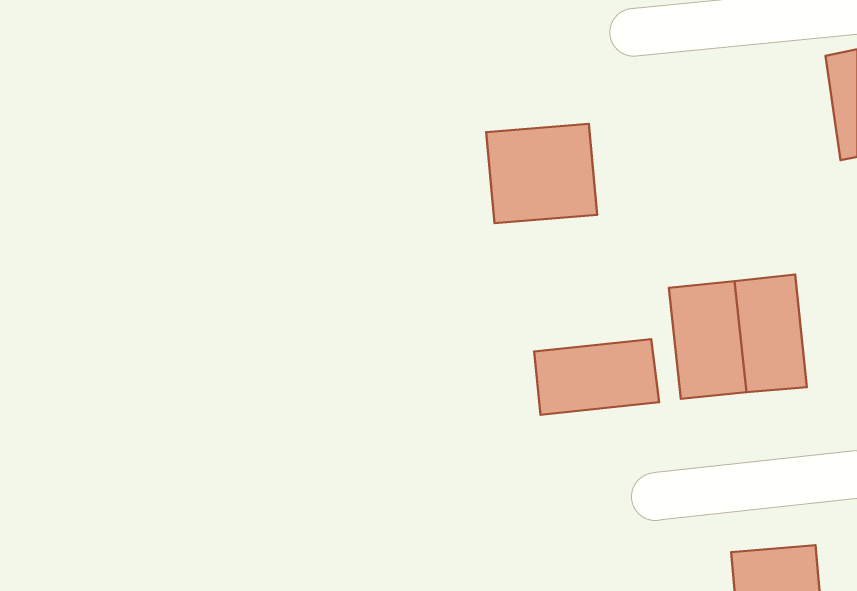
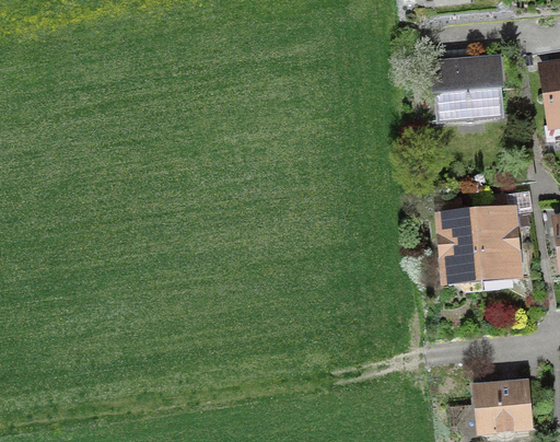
building: [486,124,597,223] -> [434,58,506,123]
building: [534,339,659,415] -> none

